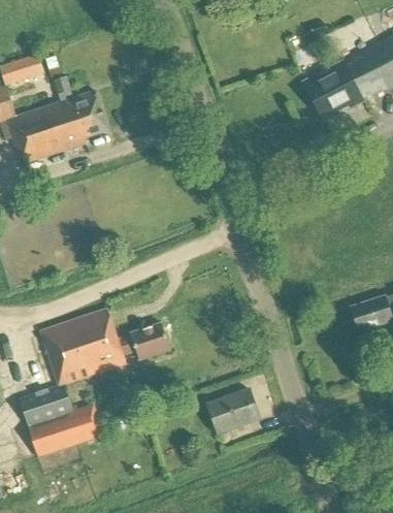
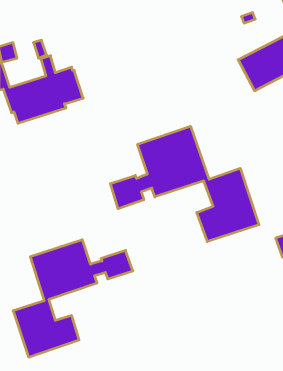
building: none -> [110,126,259,242]
building: [203,387,260,435] -> none

